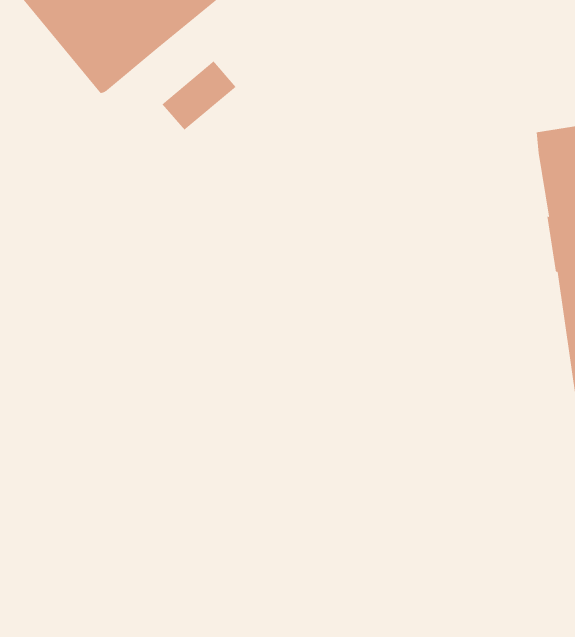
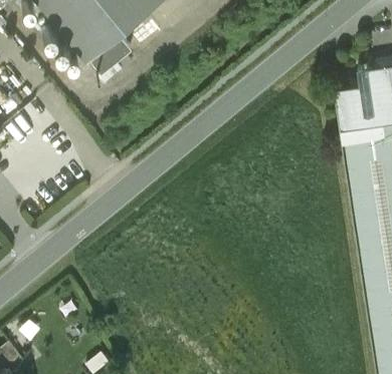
building: [161,61,237,131] -> [88,35,132,75]

